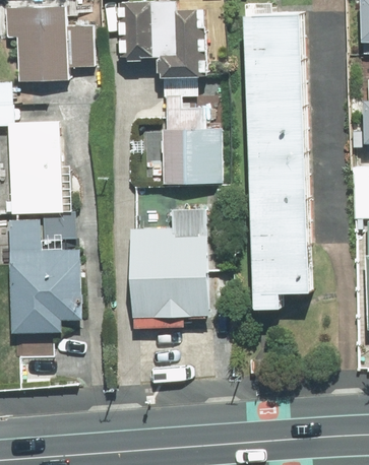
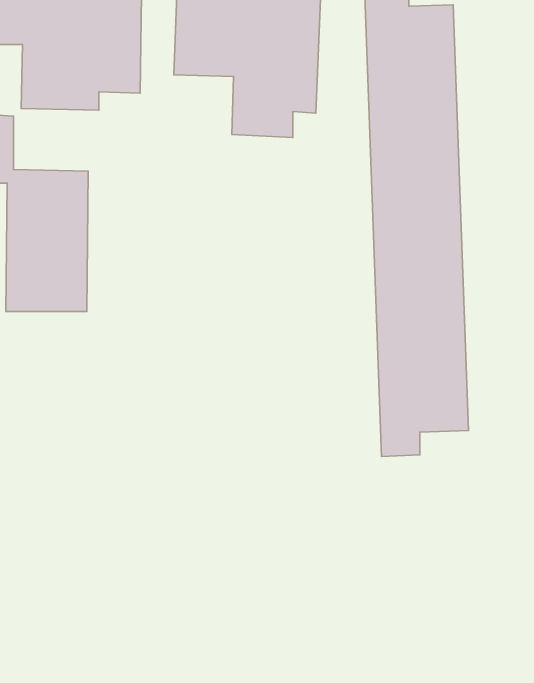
building: [163,99,224,190] -> none
building: [130,208,209,328] -> none
building: [9,220,79,333] -> none

